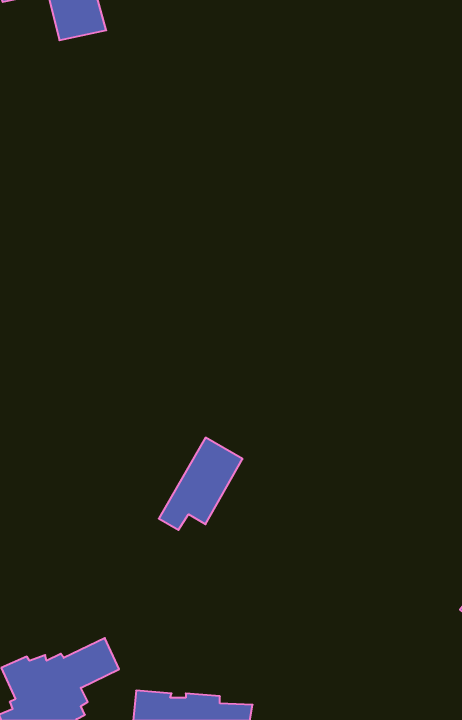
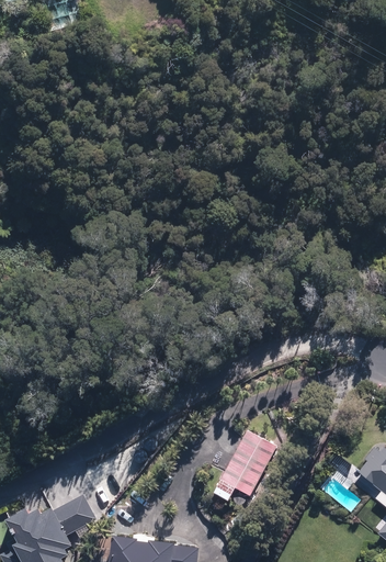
building: [159,438,243,530] -> [213,430,277,502]

